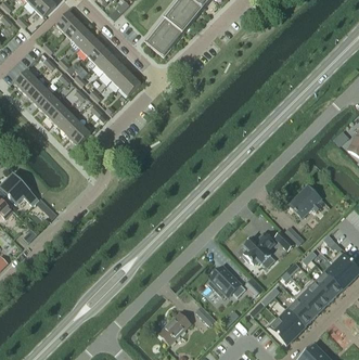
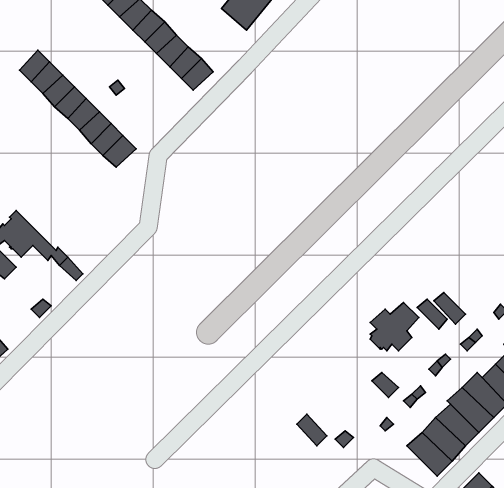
building: [290,185,321,218] -> none
building: [209,266,245,297] -> none
building: [158,312,191,345] -> none

